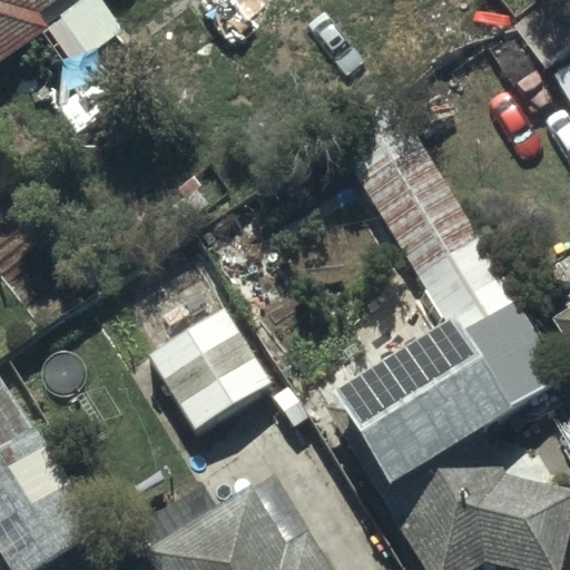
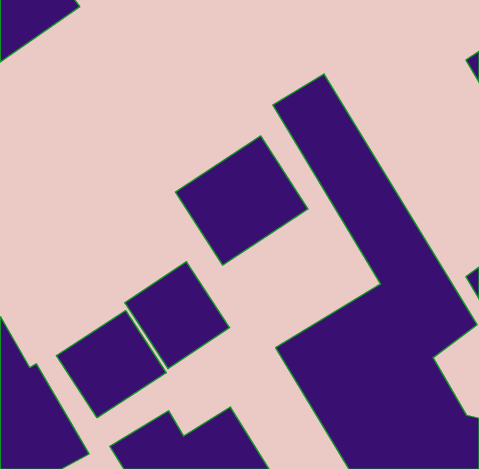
building: none -> [175,136,308,265]
building: none -> [56,311,166,418]

